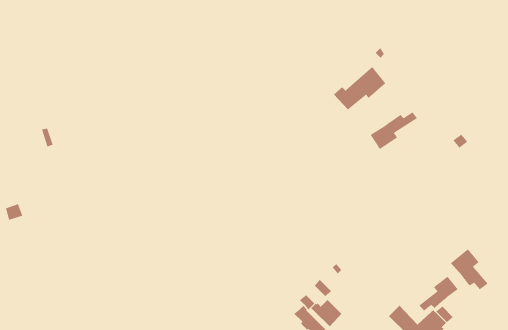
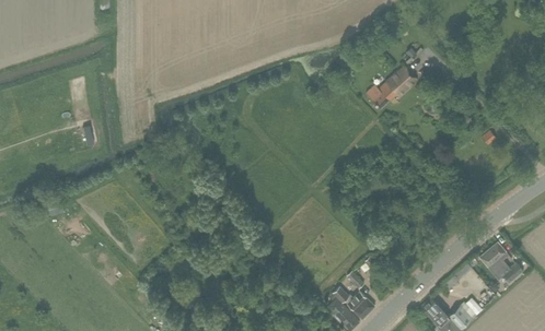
building: [370,111,418,150] -> none
building: [418,276,458,311] -> none

